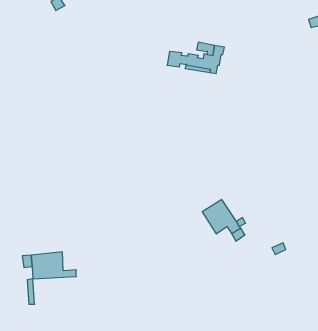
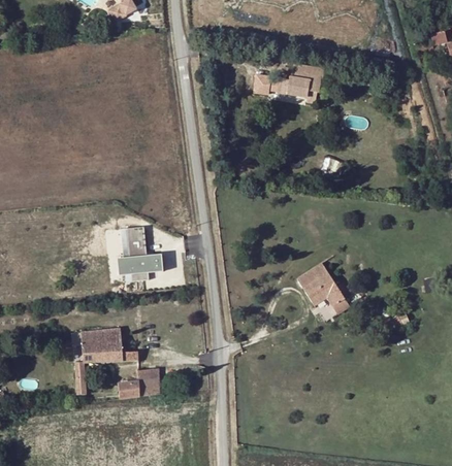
building: none -> [117,226,164,274]
building: none -> [118,368,159,397]

